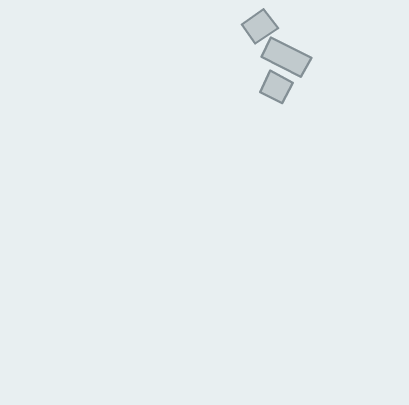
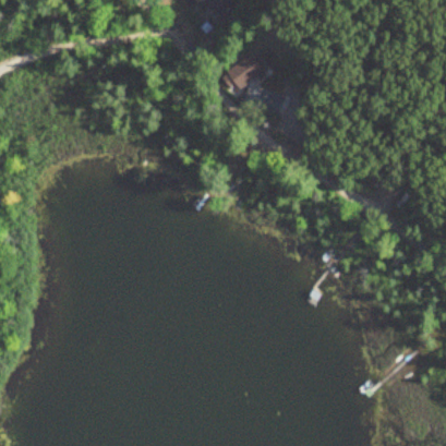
building: [260,71,293,103] -> none

